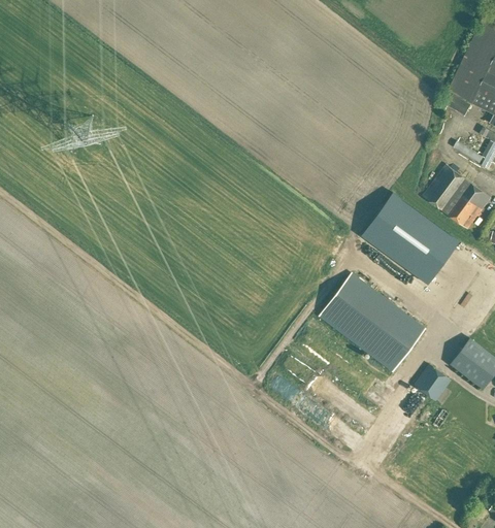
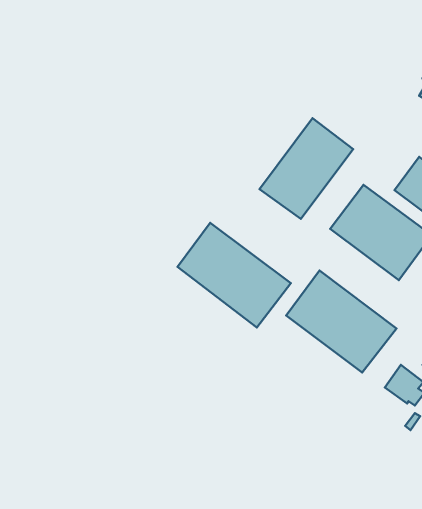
building: none -> [260,118,353,219]
building: none -> [177,223,291,327]

